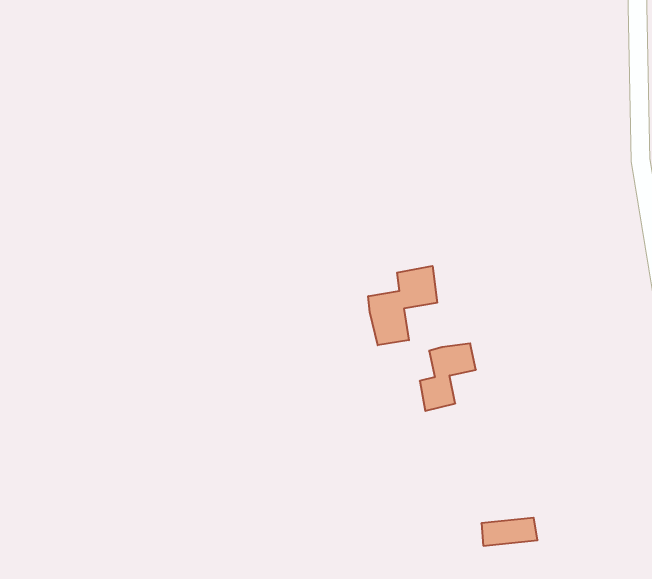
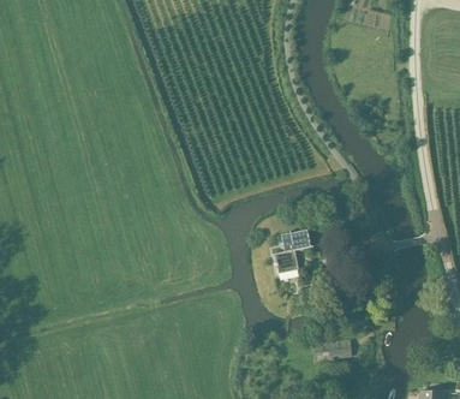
building: [368,266,437,345] -> none

